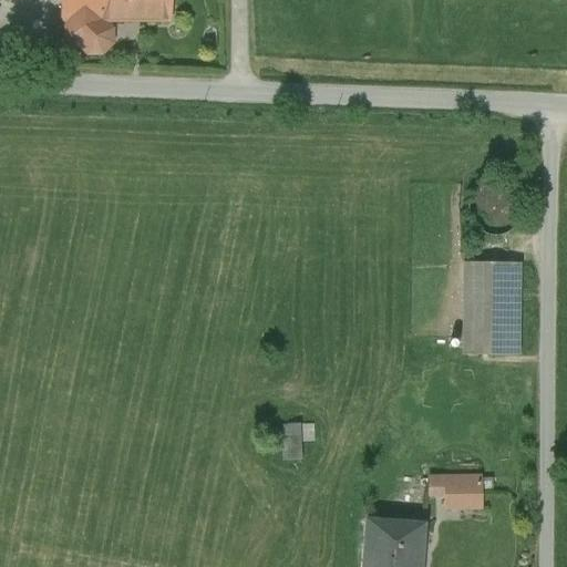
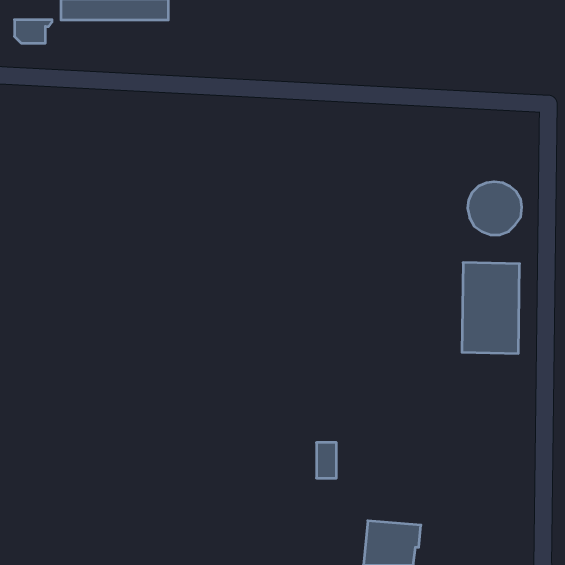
building: [68,20,105,43] -> [14,20,52,43]
building: [288,422,308,457] -> [316,443,336,478]
building: [429,474,483,509] -> none

